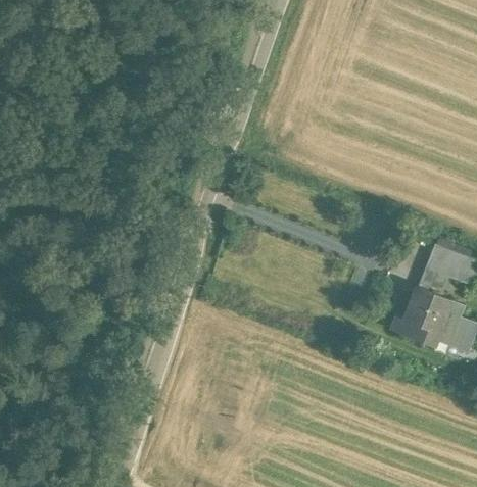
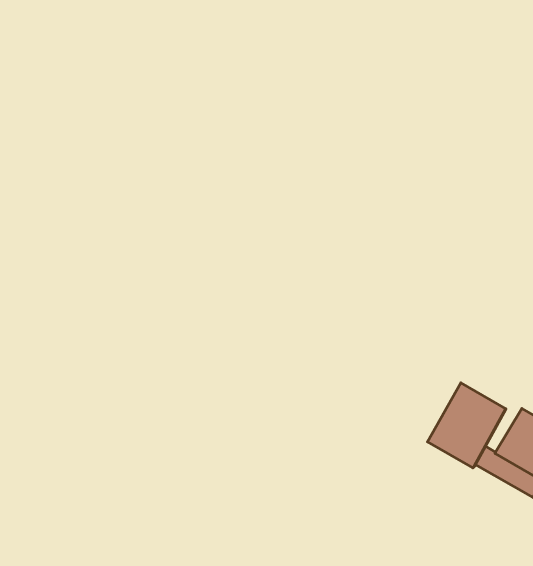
building: none -> [428,383,506,468]

